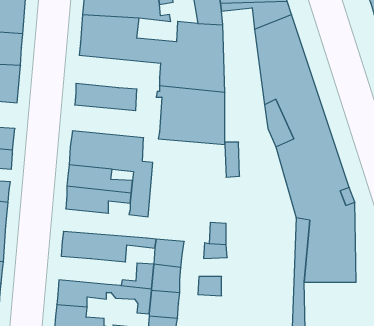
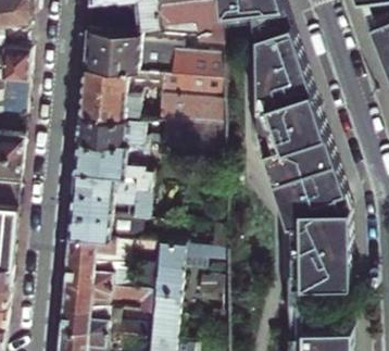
building: none -> [81,67,163,99]
building: none -> [78,115,162,148]
building: none -> [70,215,150,243]
building: none -> [65,261,113,288]

